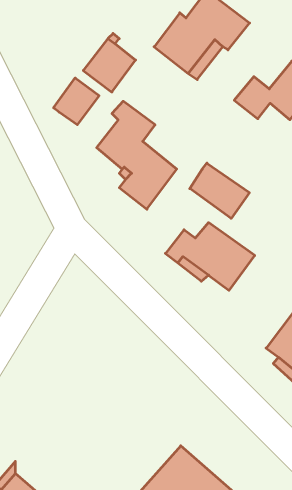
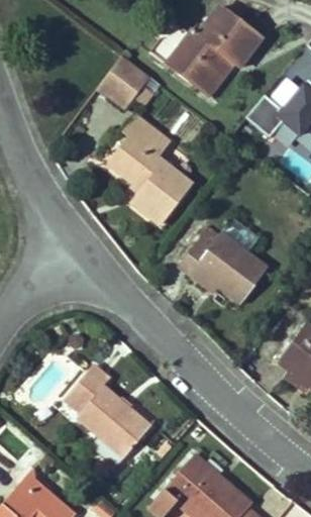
building: [54,78,99,125] -> none
building: [190,163,249,218] -> none
building: none -> [67,366,151,457]

